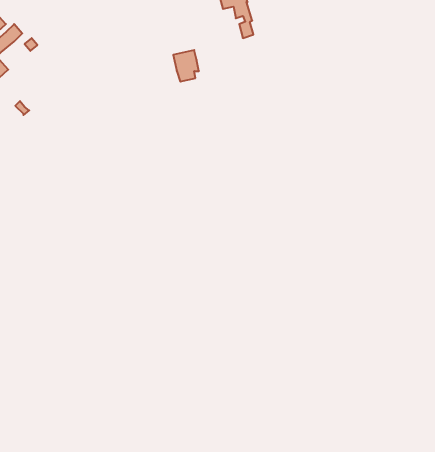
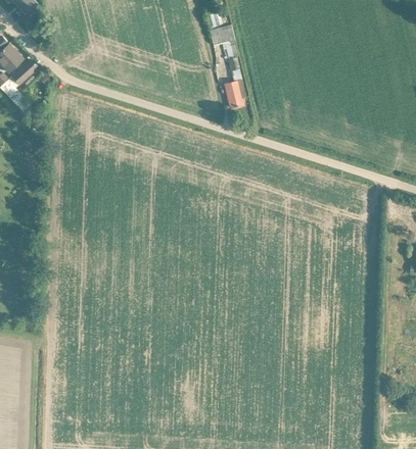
building: [173,50,199,82] -> [224,80,246,107]

